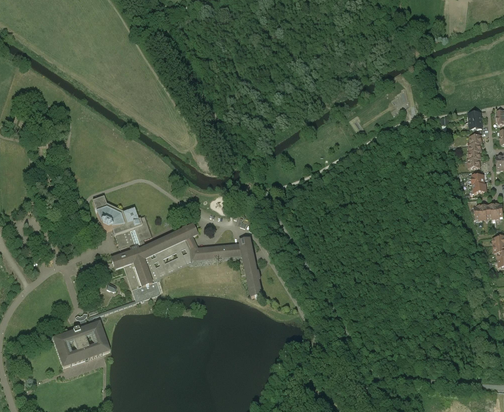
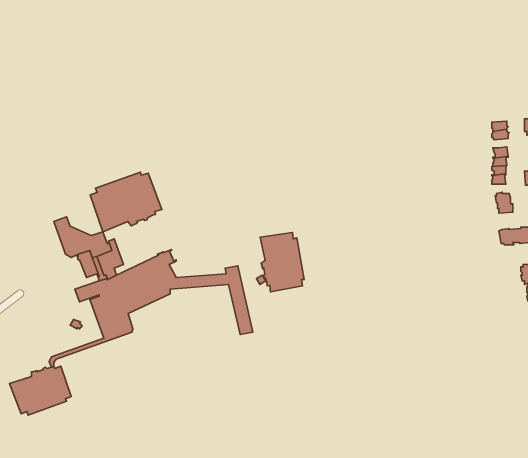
building: none -> [90,172,162,232]
building: none -> [260,232,304,292]

